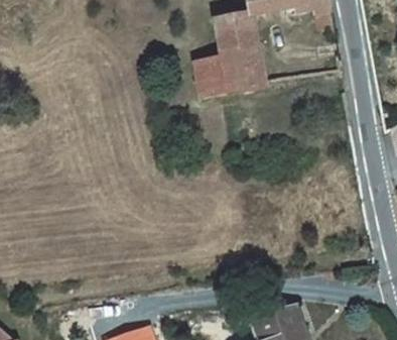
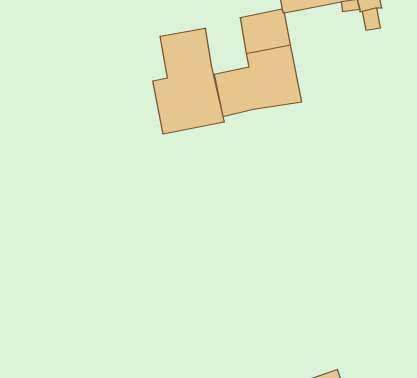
building: none -> [153,28,224,134]

